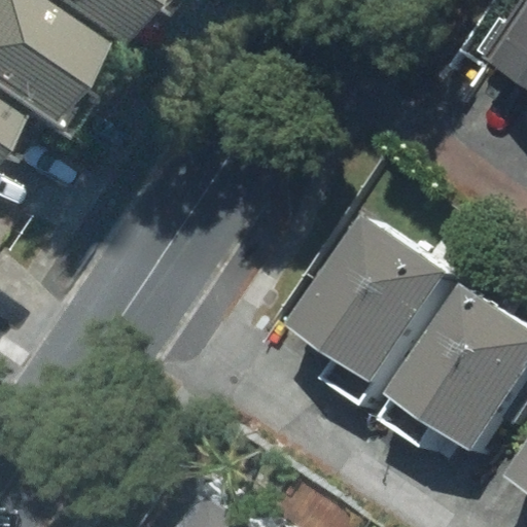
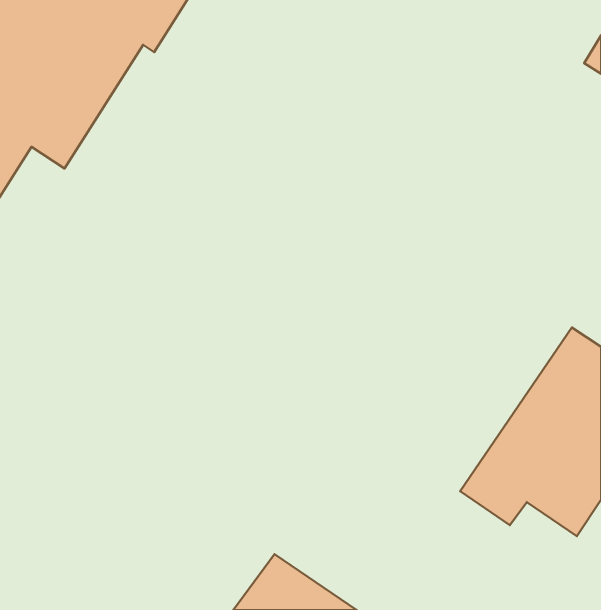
building: [297,209,464,407] -> none

